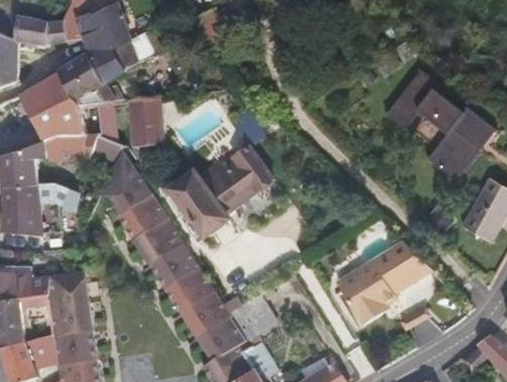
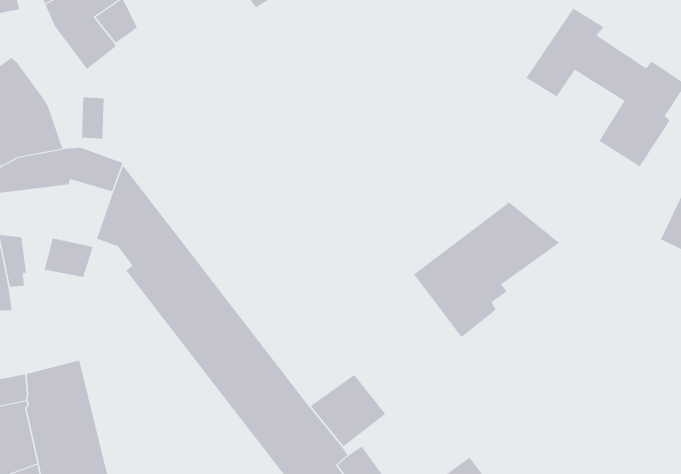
building: [56,55,103,100] -> none
building: [128,97,163,146] -> none
building: [169,149,272,237] -> none
building: [337,241,432,326] -> [413,202,560,338]

